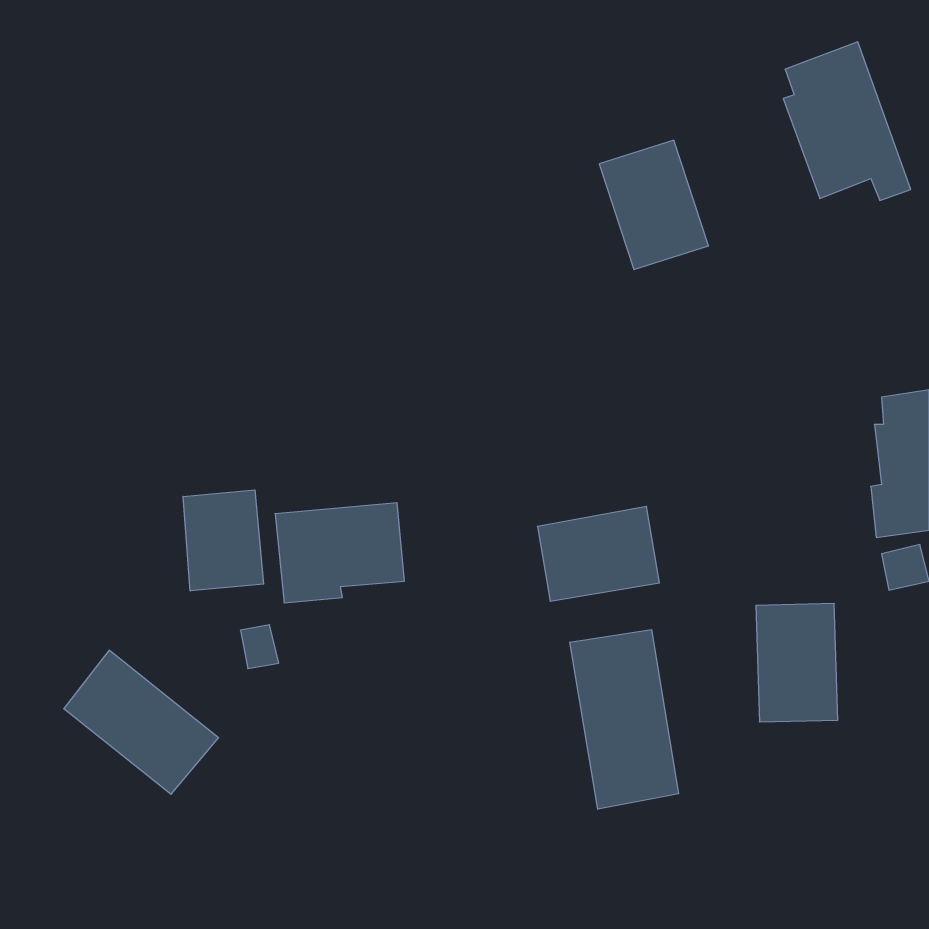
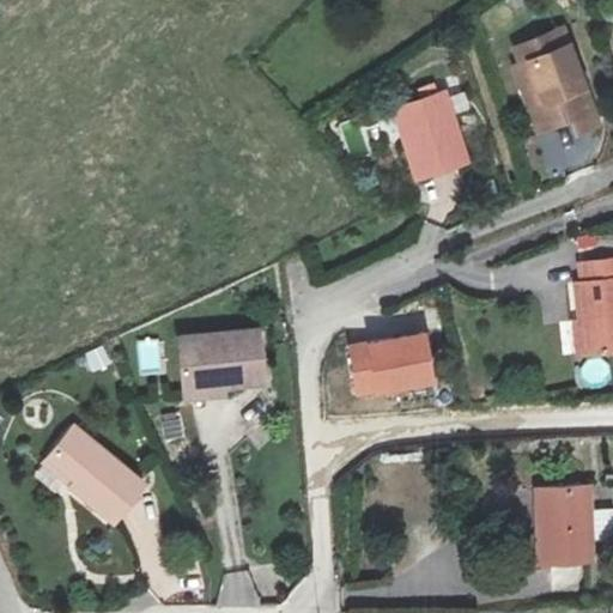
building: [183,490,264,591] -> none
building: [756,604,838,722] -> [536,485,590,563]
building: [570,630,678,809] -> none

